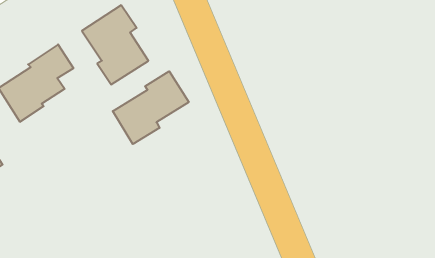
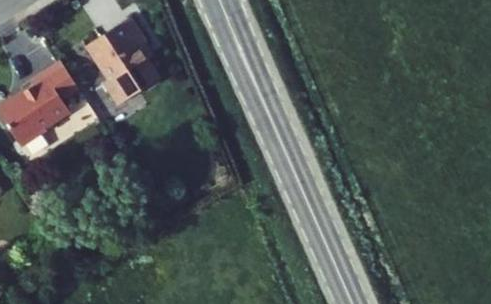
building: [113,71,189,144] -> none

